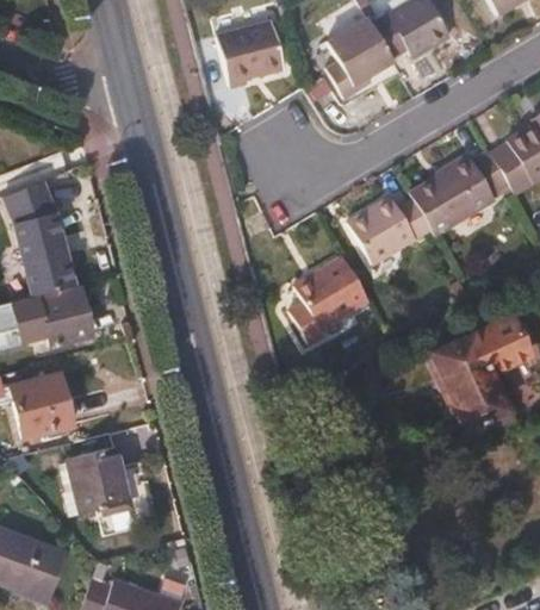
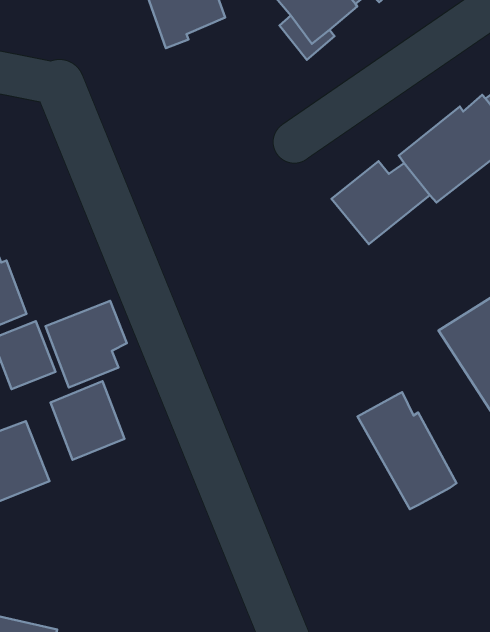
building: [287,259,370,349] -> none
building: none -> [45,301,127,387]
building: none -> [358,392,457,509]
building: [72,449,130,512] -> [51,381,125,460]

